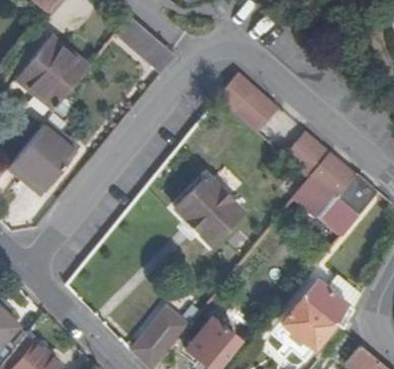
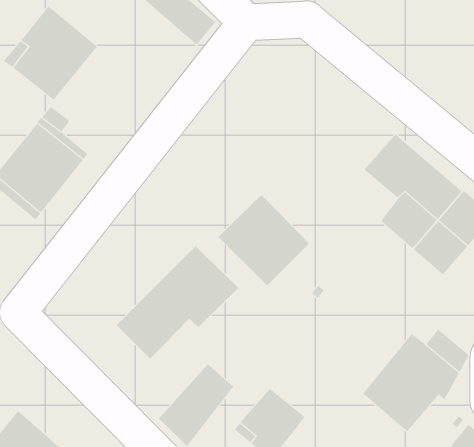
building: [221,73,279,134] -> none
building: none -> [116,245,239,359]

